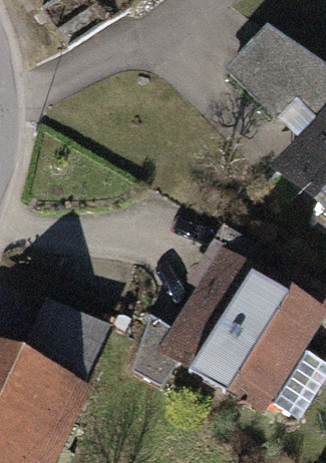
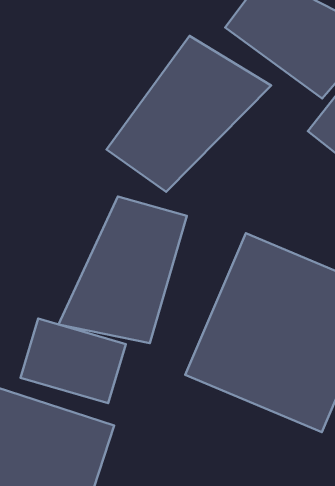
building: none -> [107,36,271,192]
building: none -> [58,197,187,343]

